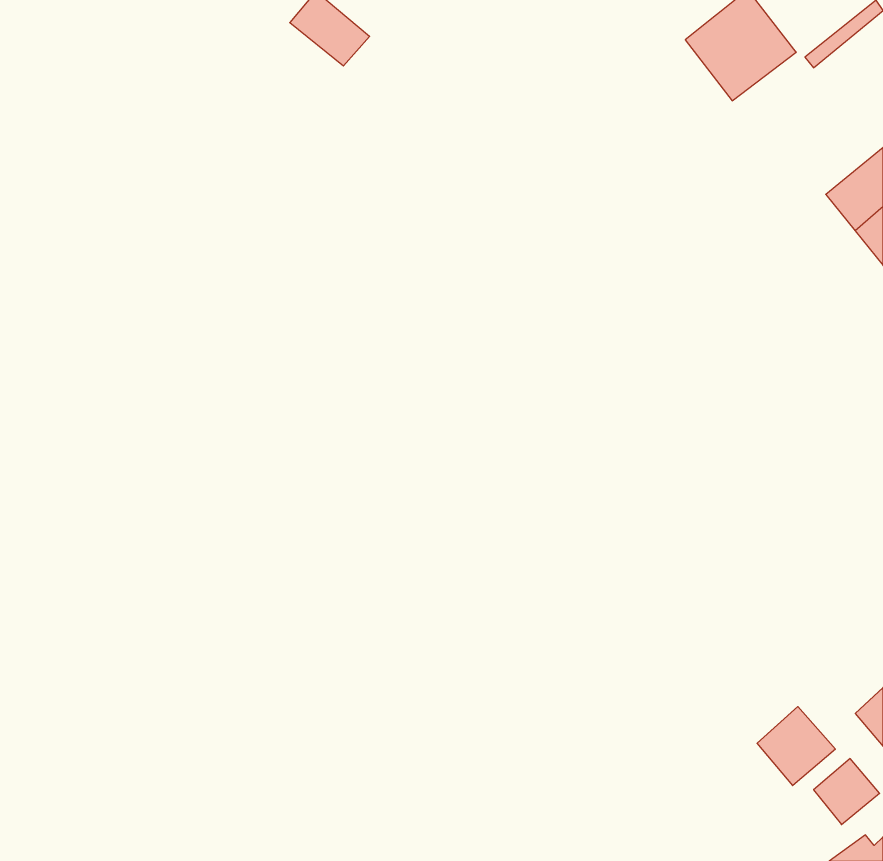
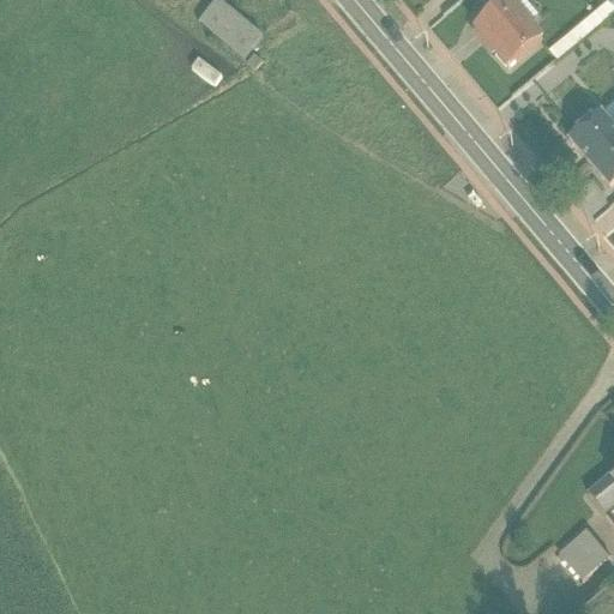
building: [757,707,835,786] -> none

